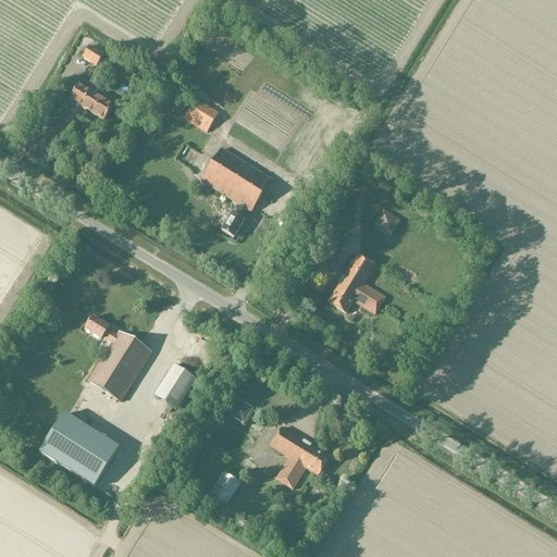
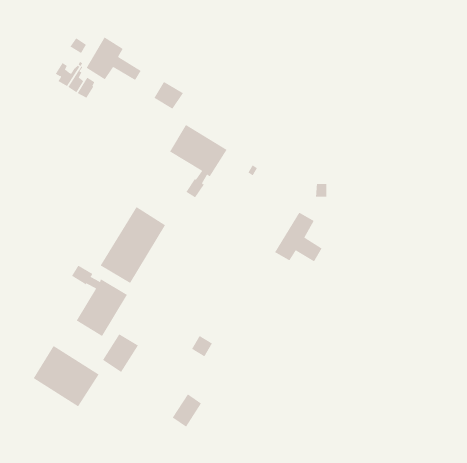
building: none -> [86,37,142,81]
building: none -> [100,206,166,284]
building: [153,361,197,408] -> [102,334,139,373]
building: [270,424,329,486] -> none

